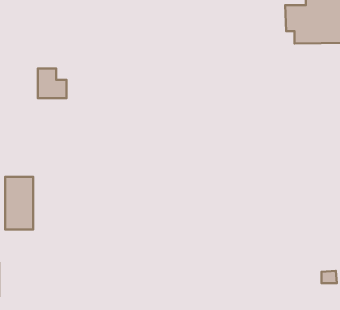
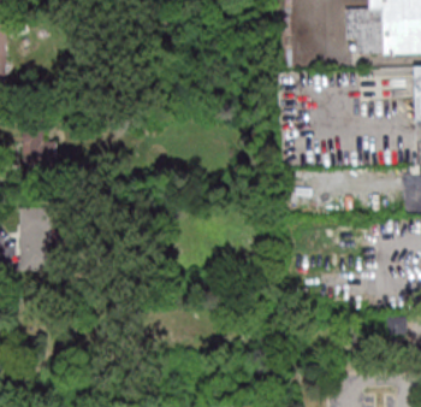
building: [38,68,67,98] -> [23,129,57,164]

